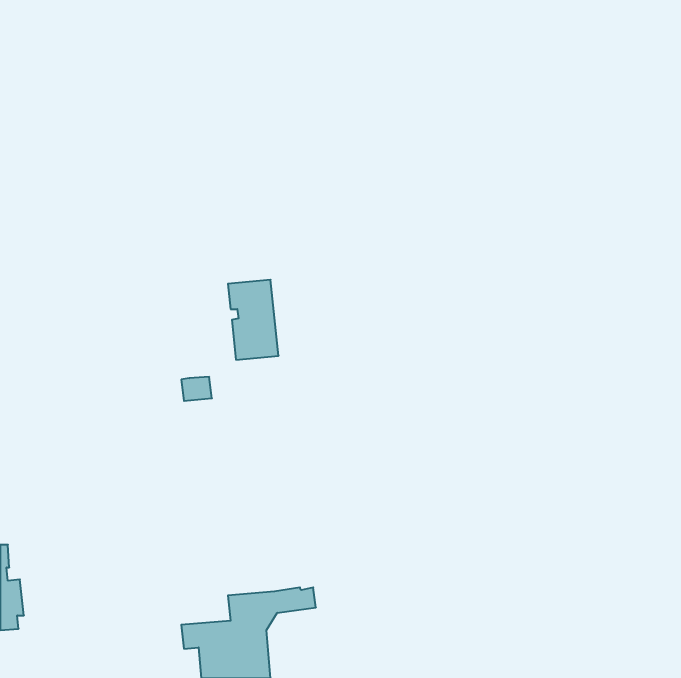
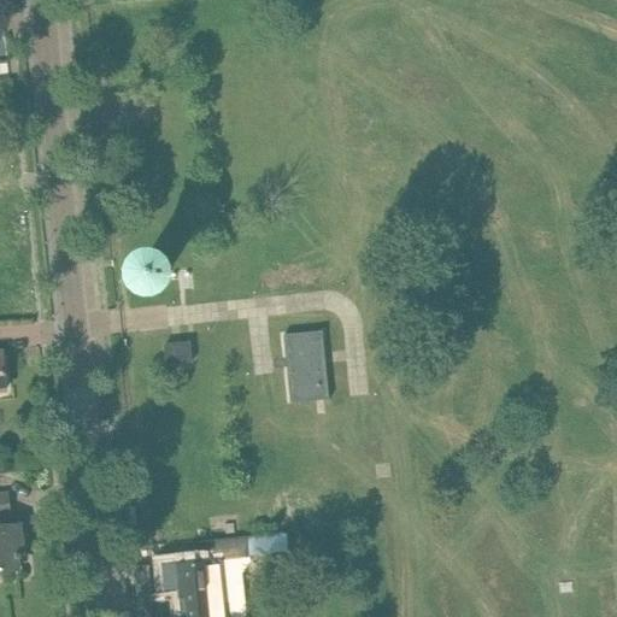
building: [228,280,279,360] -> [283,329,329,401]
building: none -> [131,260,165,293]

